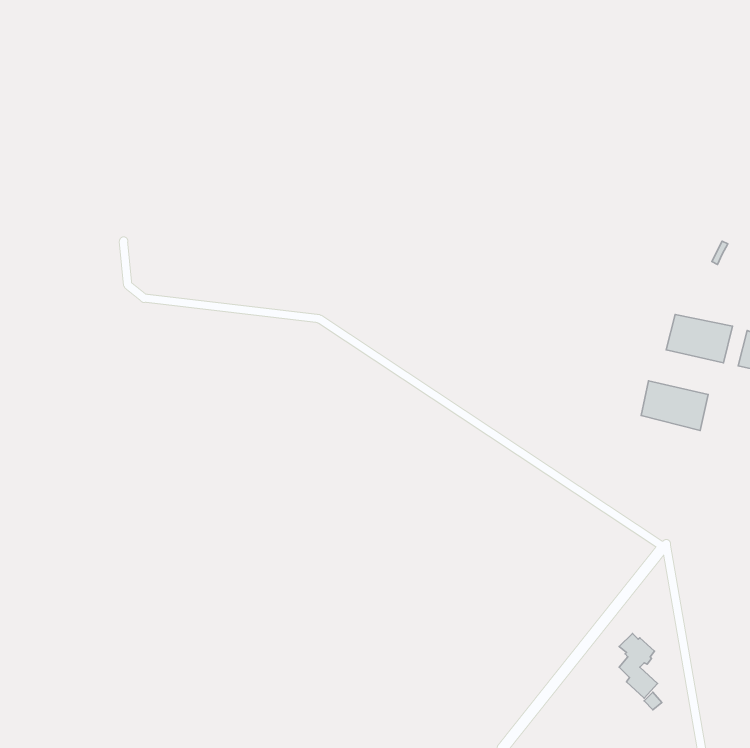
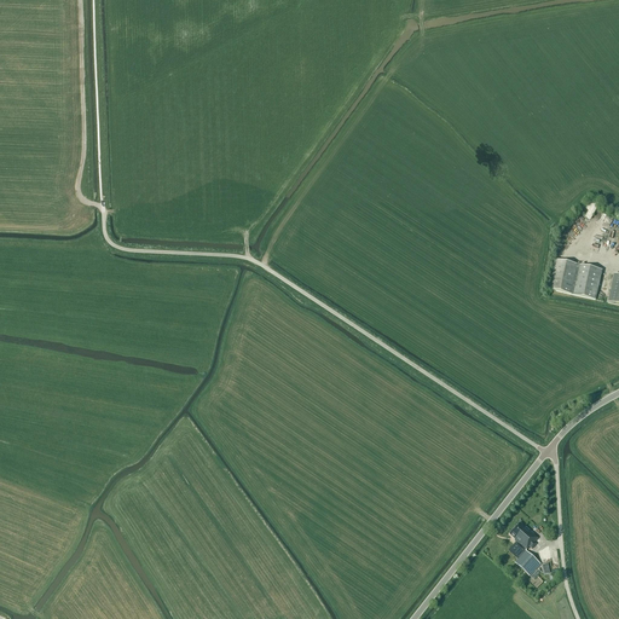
building: [641,381,708,431] -> none

